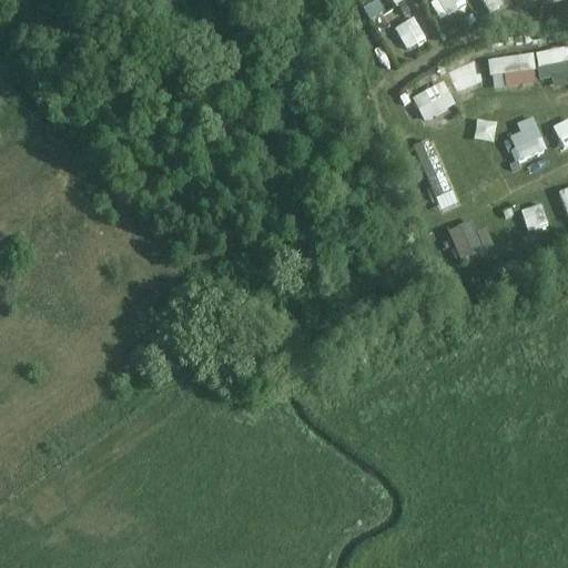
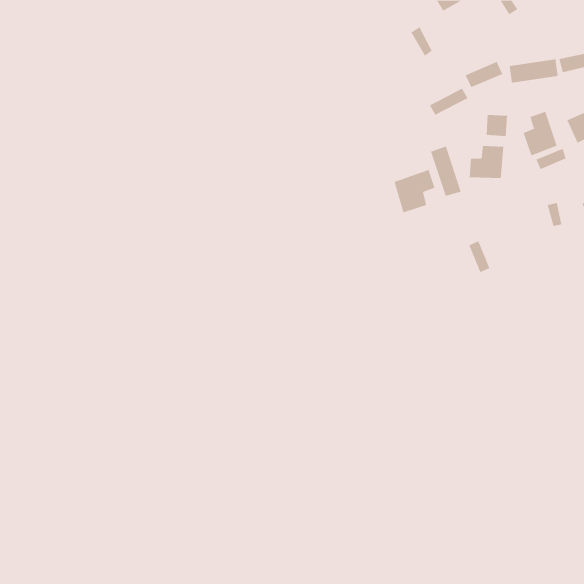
building: none -> [469,145,504,179]
building: none -> [394,169,435,213]

